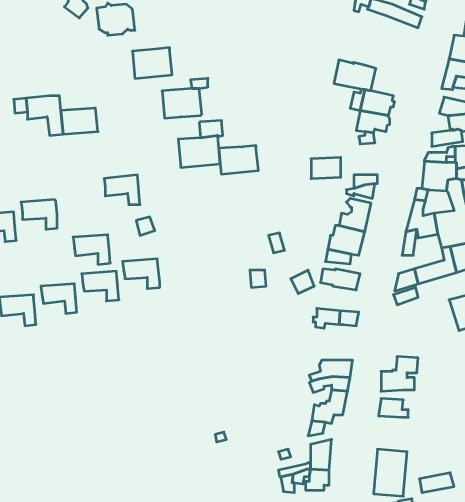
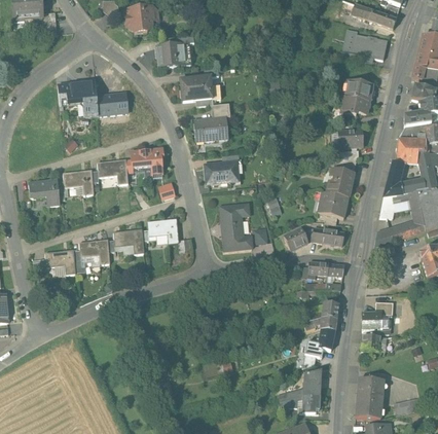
building: [334,60,376,91] -> [352,32,387,58]
building: [219,146,258,174] -> [204,161,236,185]
building: [311,157,341,179] -> [338,129,363,146]
building: [73,235,110,264] -> [97,159,127,184]
building: none -> [220,204,252,250]

